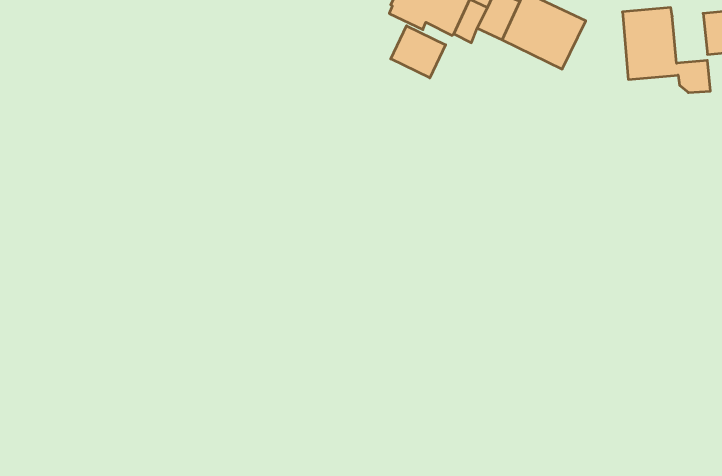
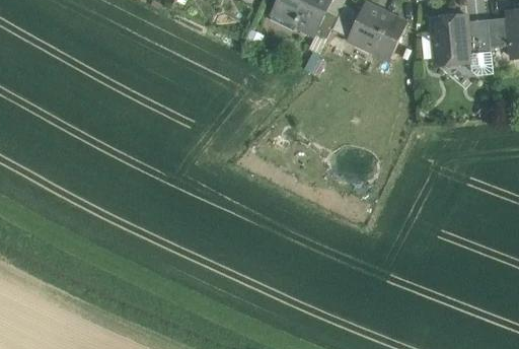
building: none -> [465,19,490,54]
building: [391,26,446,78] -> none

